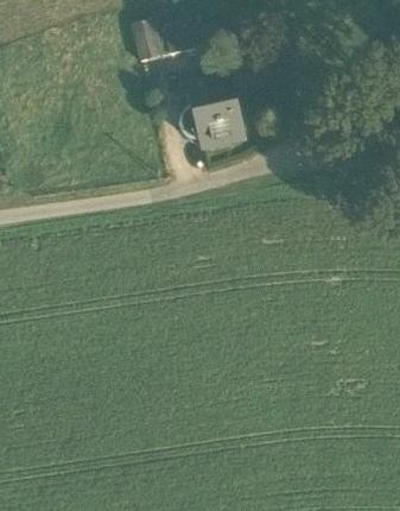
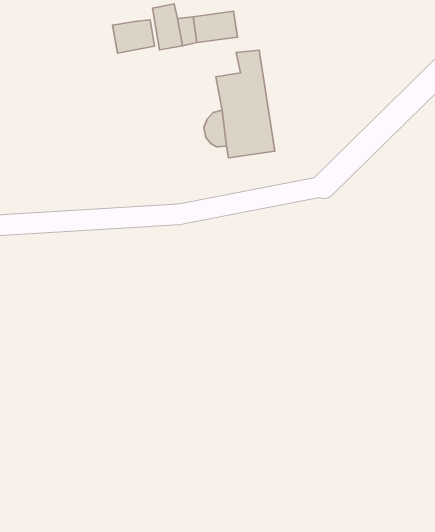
building: none -> [112,20,155,53]

